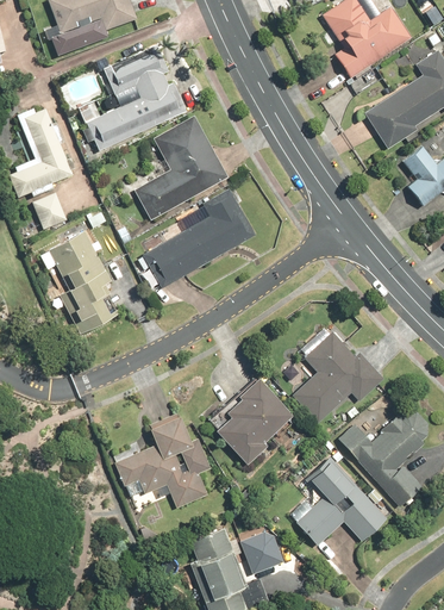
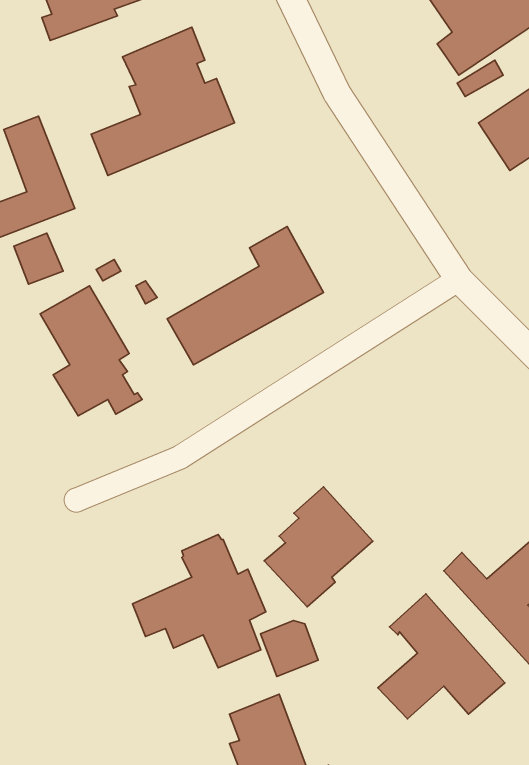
building: [131,116,226,220] -> none
building: [289,331,381,423] -> none
building: [240,528,282,568] -> [260,621,318,677]

